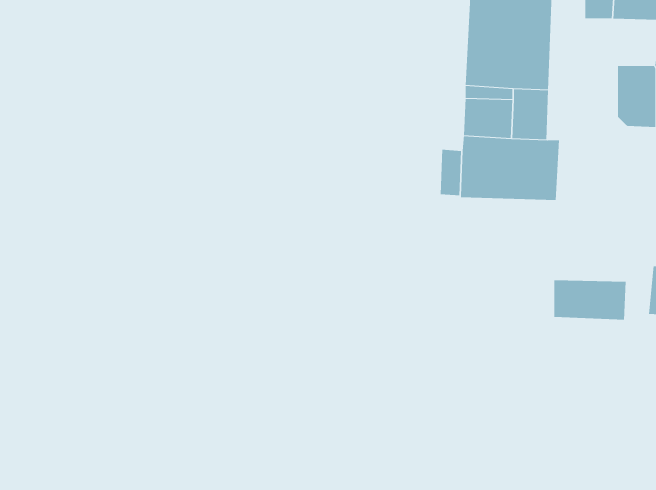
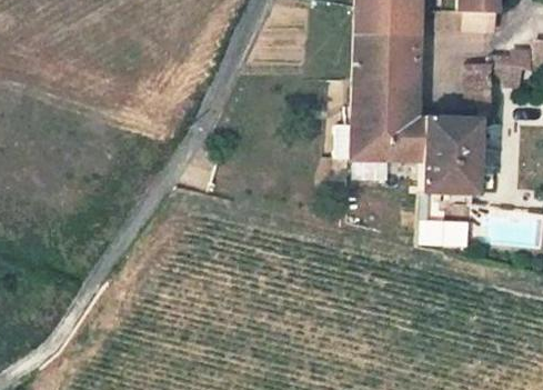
building: none -> [423,114,483,196]

